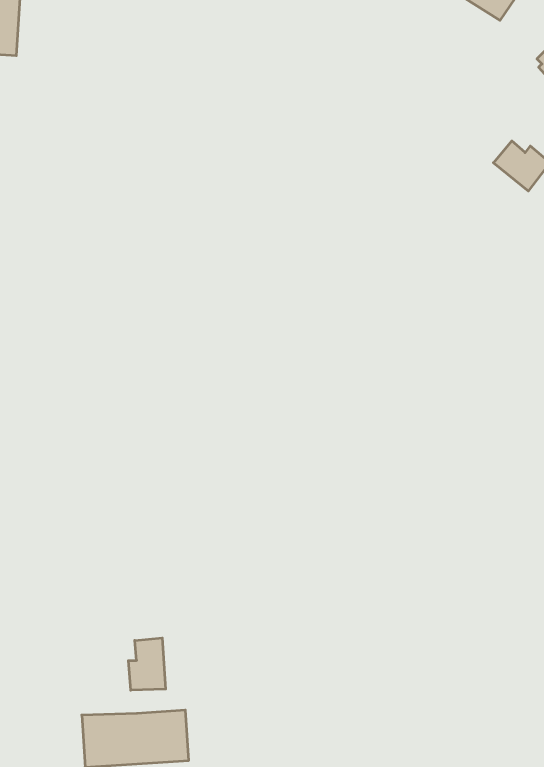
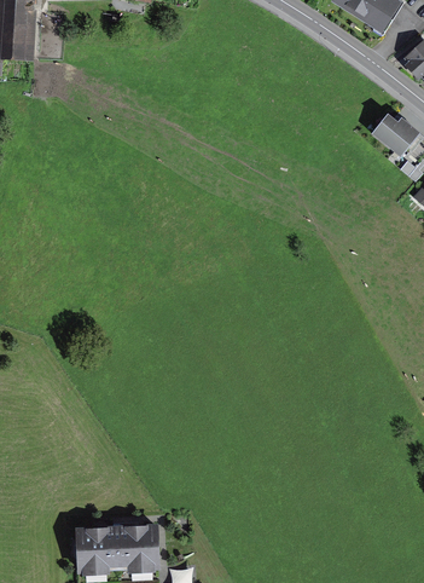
building: [128,638,166,690] -> none

